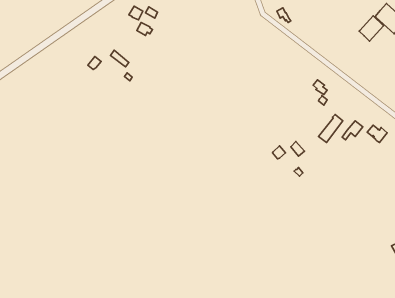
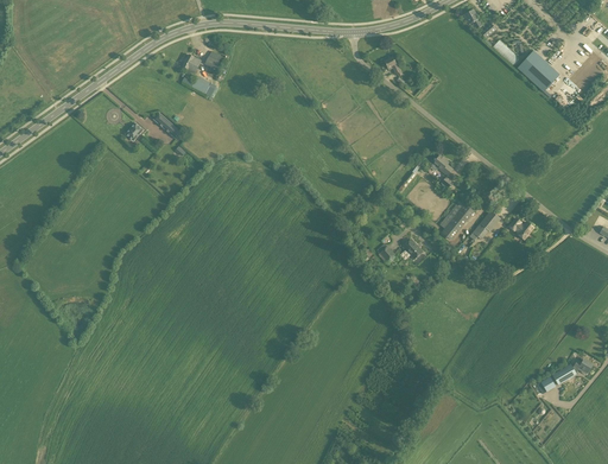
building: [359,16,384,41] -> none

